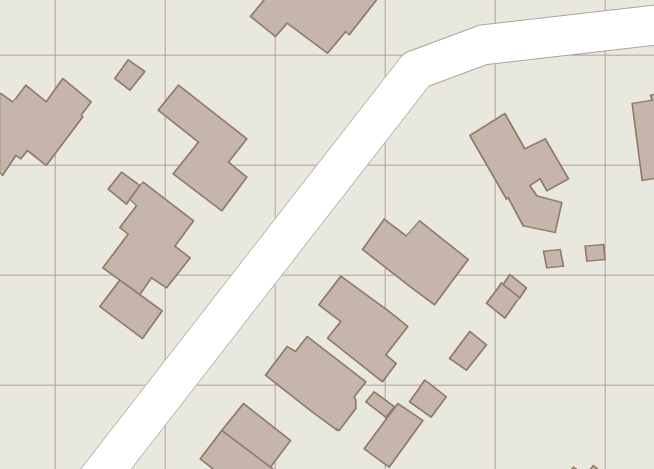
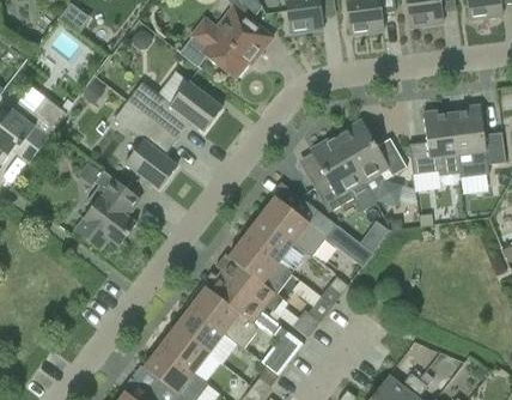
building: none -> [128,80,223,138]
building: none -> [408,110,461,183]
building: none -> [311,135,362,212]
building: none -> [244,217,293,261]
building: [100,280,162,339] -> none
building: none -> [175,307,224,353]

